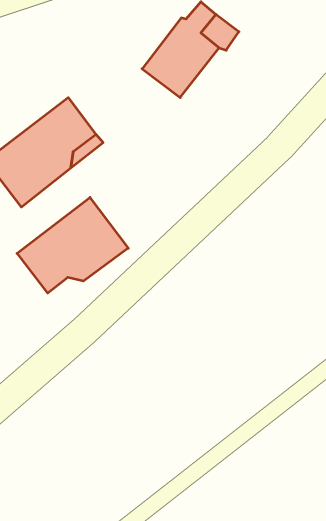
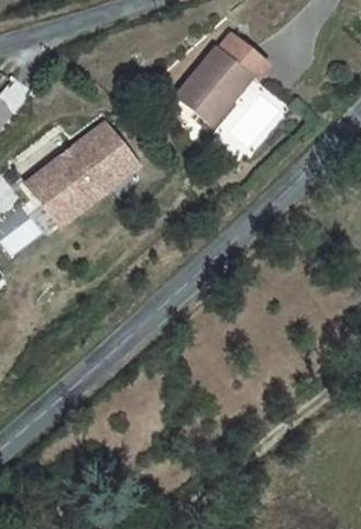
building: [17,197,128,293] -> none

